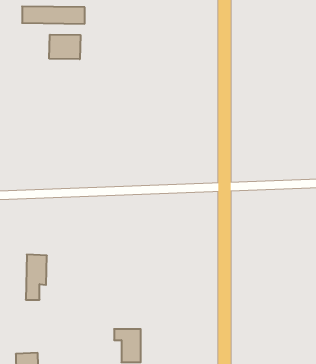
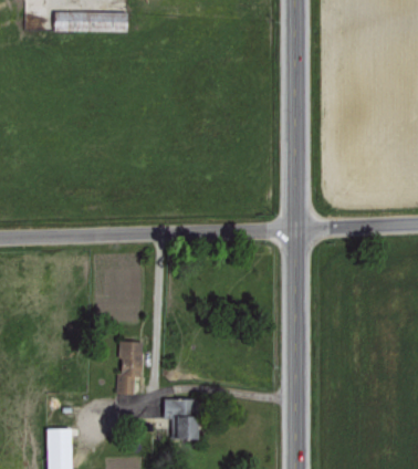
building: [49,35,80,59] -> none
building: [26,255,47,300] -> [118,340,144,394]

